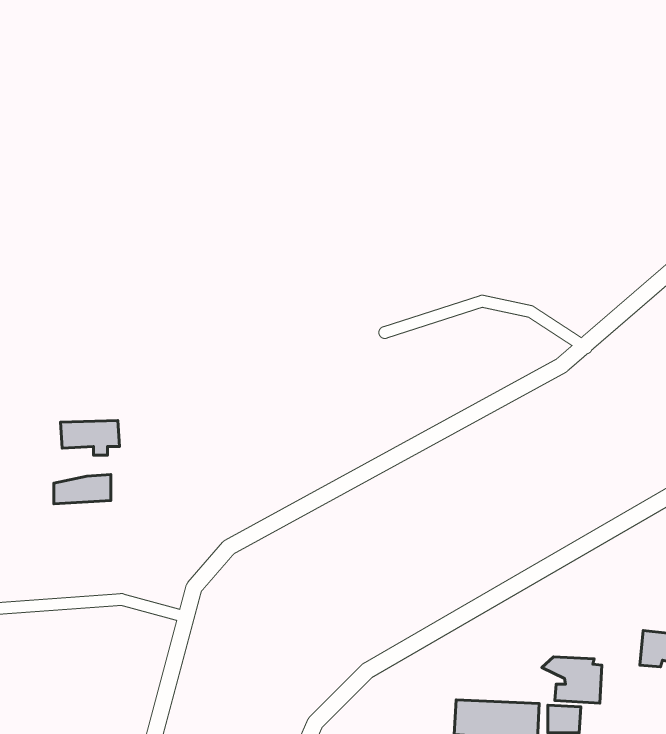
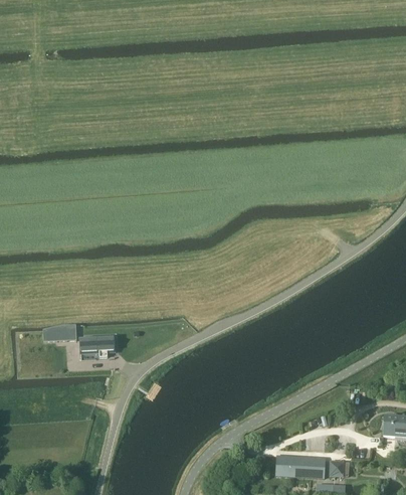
building: [61,420,120,455] -> [79,336,114,356]
building: [542,657,602,703] -> none

